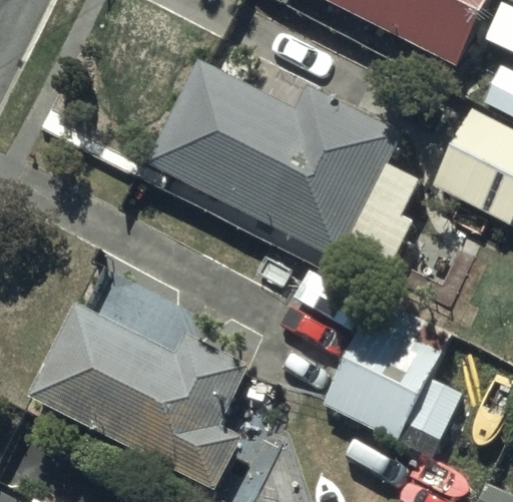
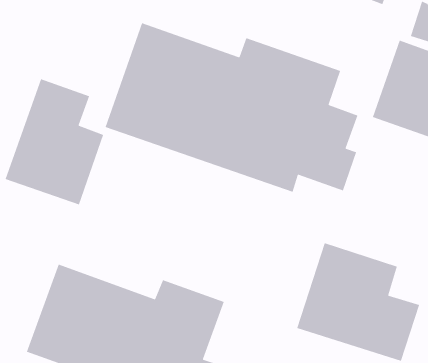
building: none -> [5,78,104,205]

